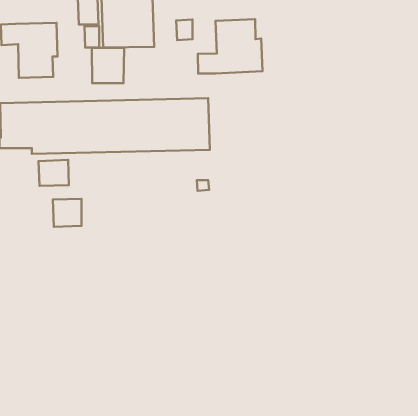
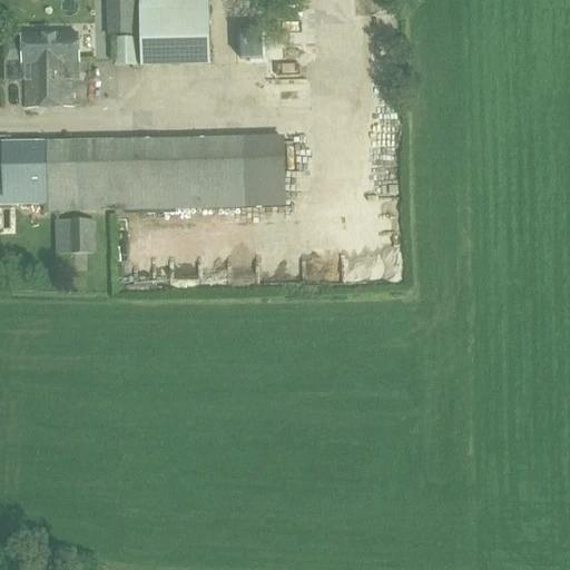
building: [198,19,263,74] -> none
building: [92,48,124,83] -> none
building: [53,199,82,227] -> none

